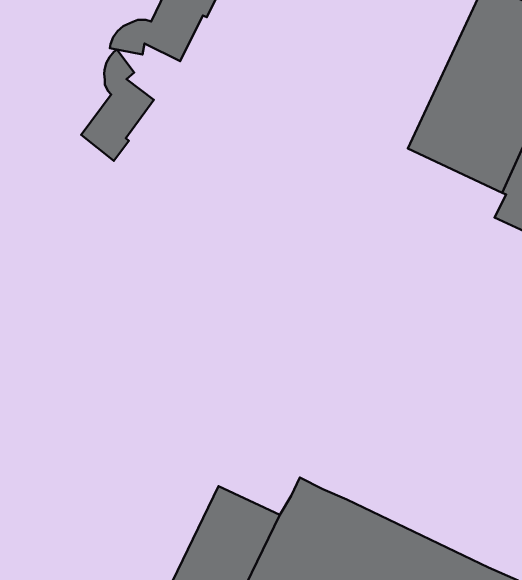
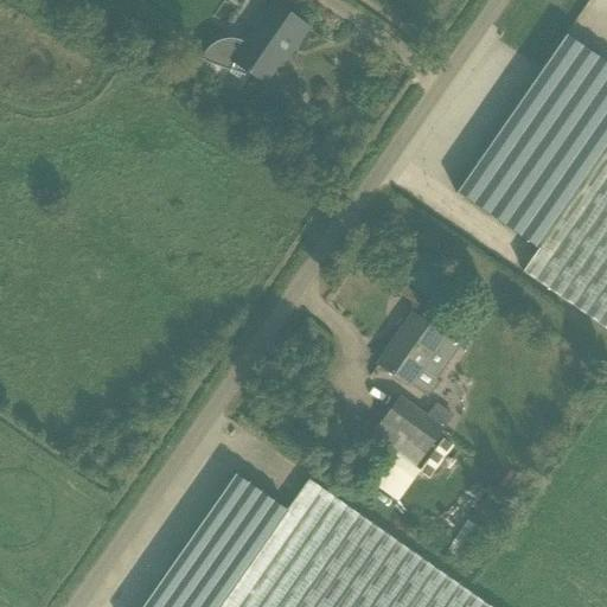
building: [81,50,154,161] -> none
building: none -> [379,314,461,395]
building: none -> [373,398,445,467]

